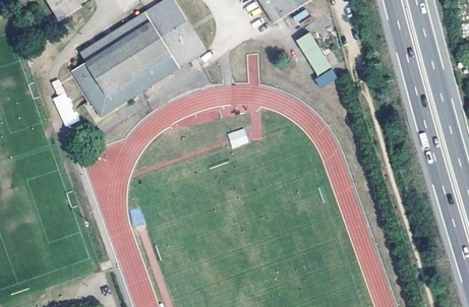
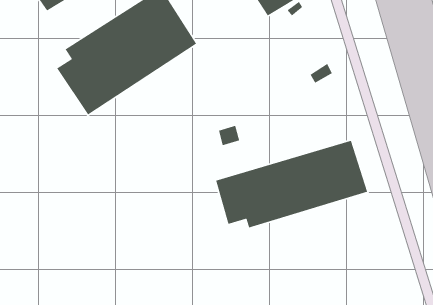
building: [296,32,330,73] -> none
building: none -> [215,140,368,228]

